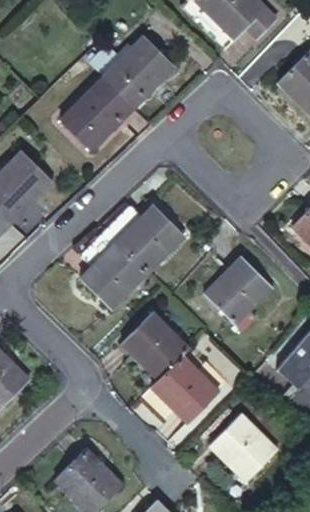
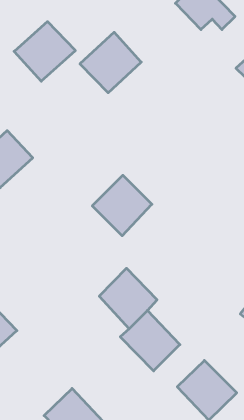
building: [61,78,131,146] -> [14,22,75,81]
building: [76,240,147,312] -> none
building: [208,264,277,333] -> none

